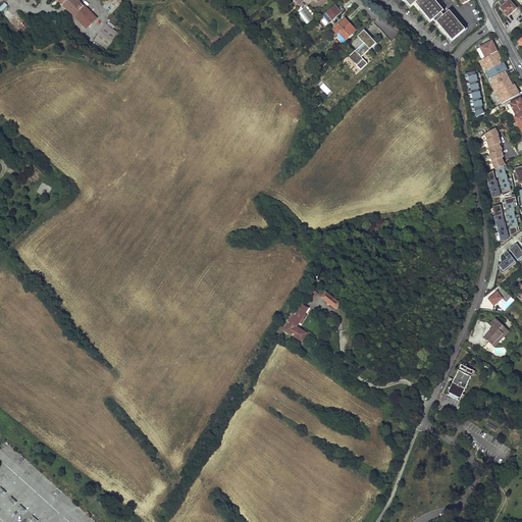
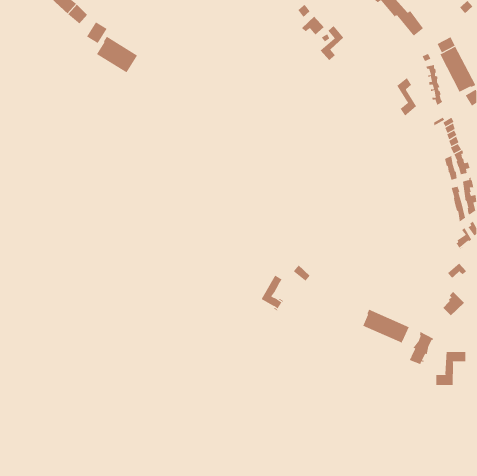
building: none -> [96,36,138,73]
building: none -> [396,77,417,116]
building: none -> [362,309,409,343]
building: none -> [436,351,466,386]

